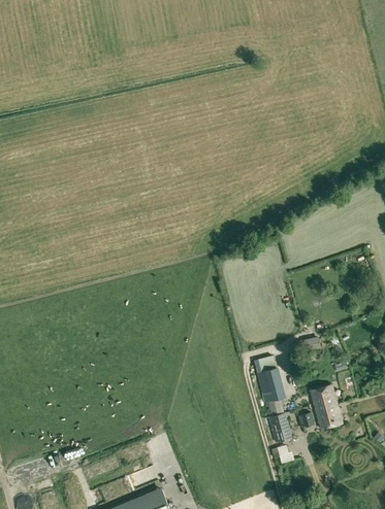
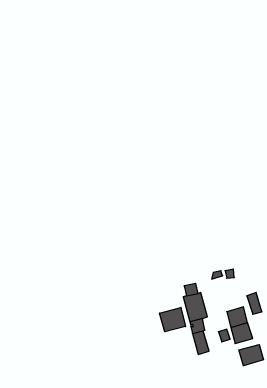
building: none -> [160,307,185,332]
building: none -> [239,345,263,366]

